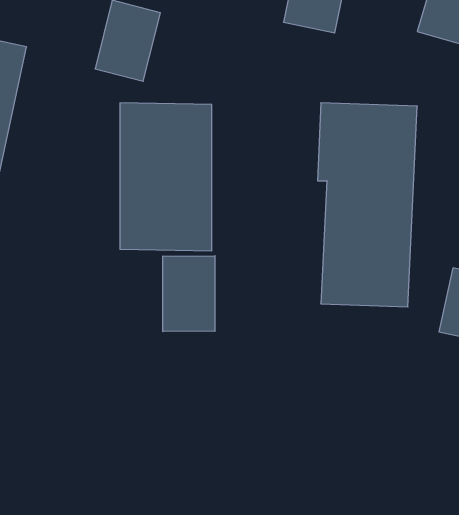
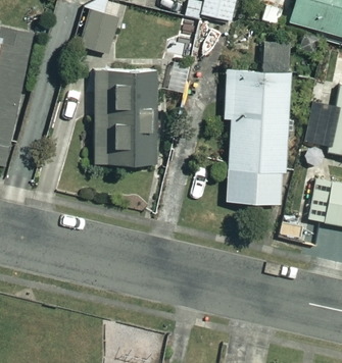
building: [163,256,215,332] -> none

